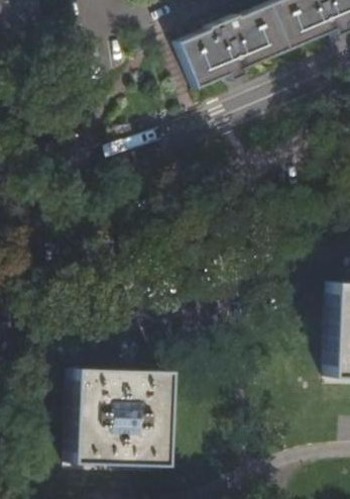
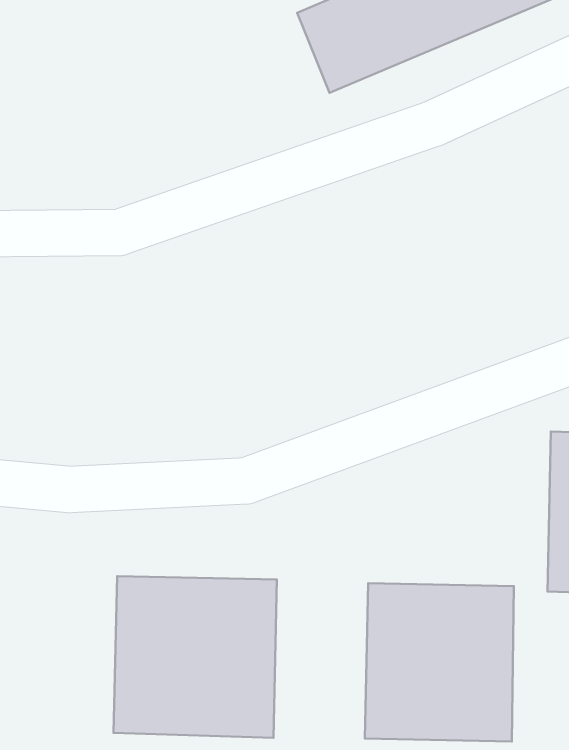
building: none -> [365,583,514,742]

